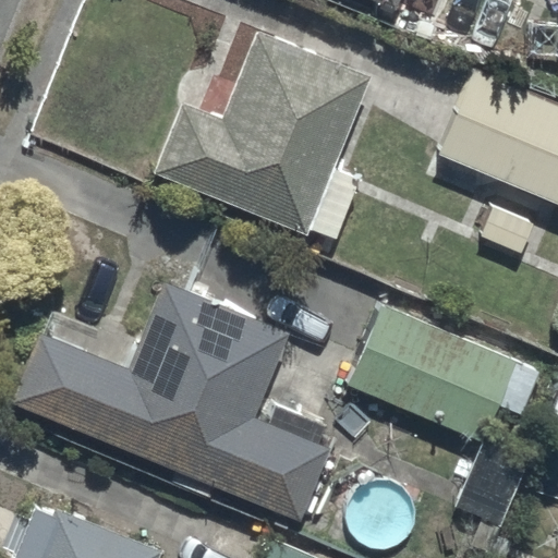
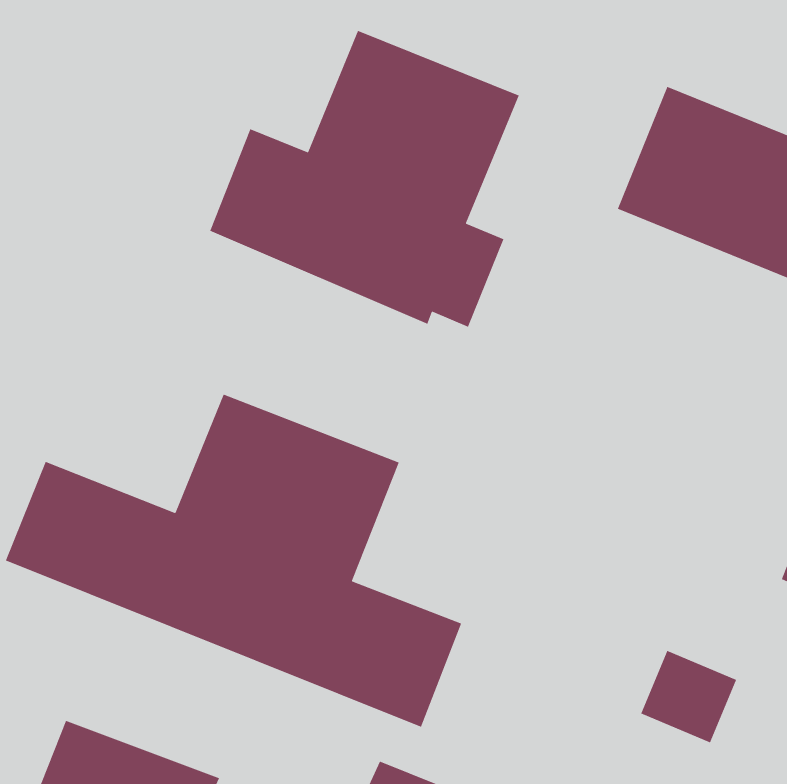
building: [348,307,543,447] -> none

